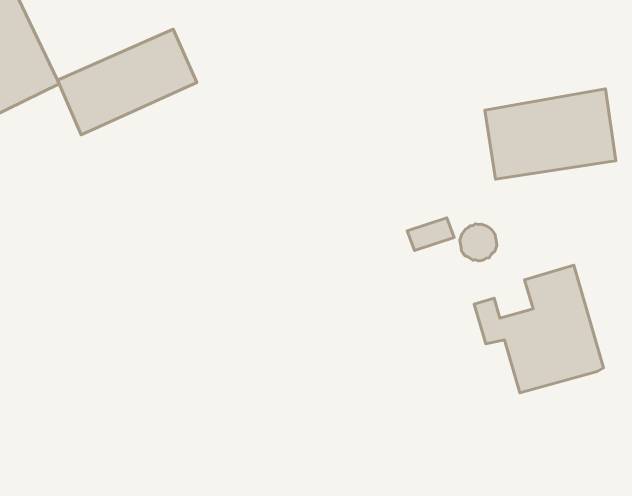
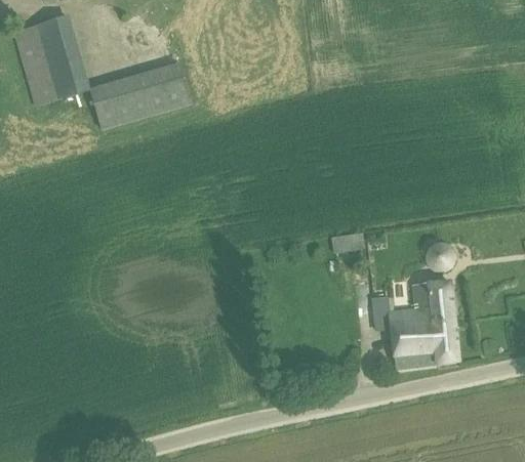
building: [485,89,616,179] -> none
building: [460,224,497,261] -> [428,242,454,269]

